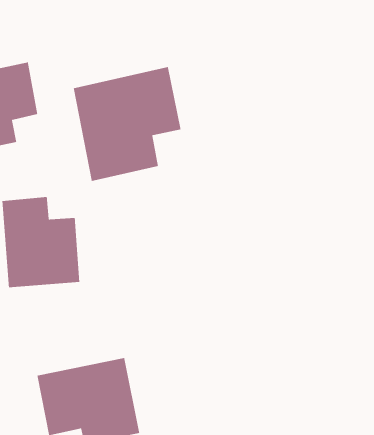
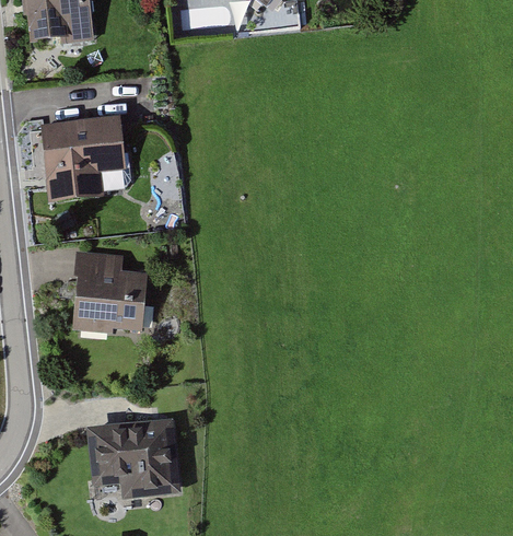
building: [73,66,182,182] -> none

